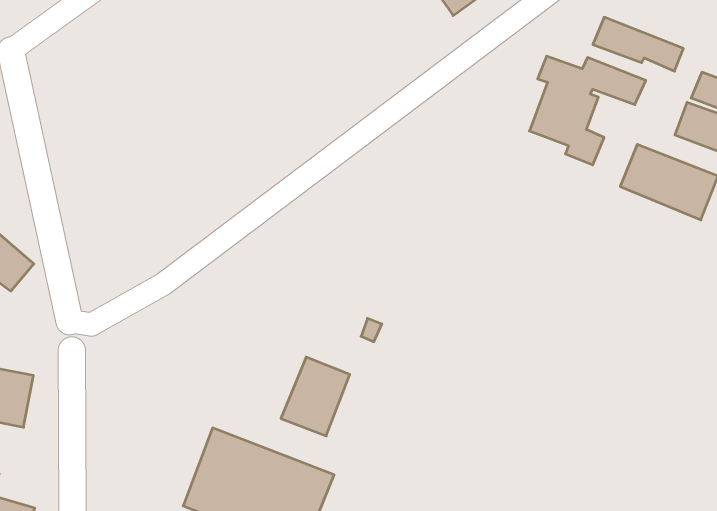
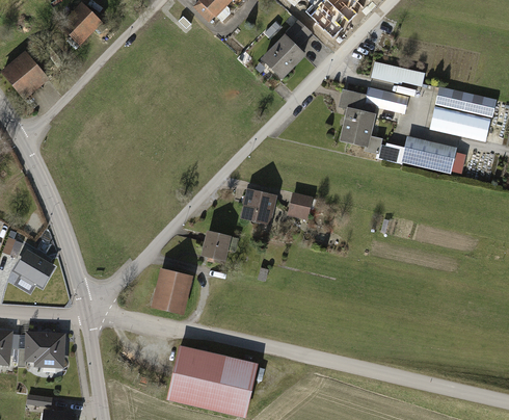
building: none -> [241,189,276,222]
building: none -> [287,193,315,220]
building: none -> [202,232,232,260]
building: [281,357,350,436] -> [154,268,191,314]

